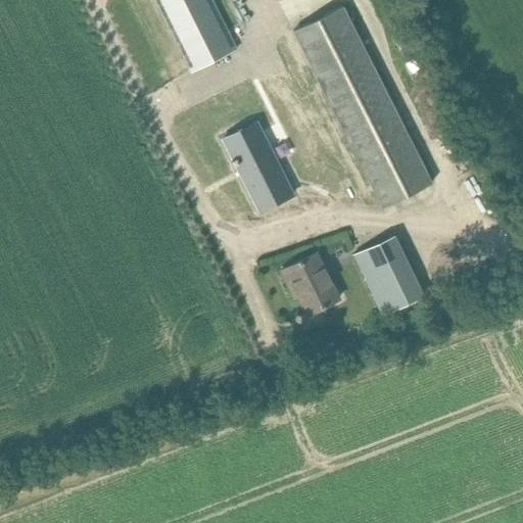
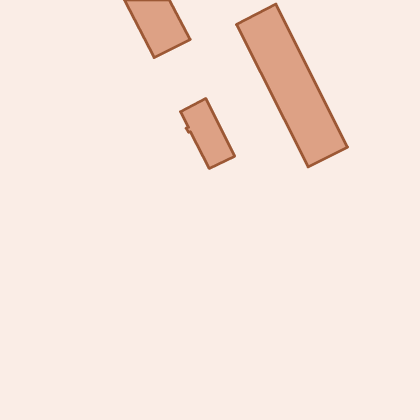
building: [359,246,423,316] -> none
building: [282,252,339,314] -> none

